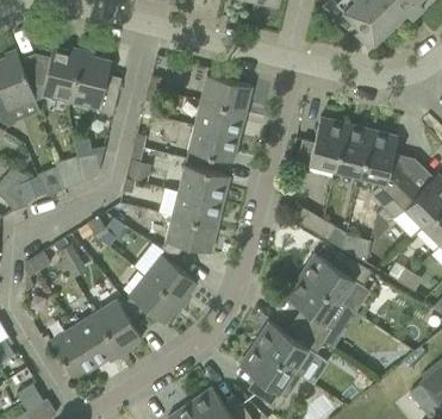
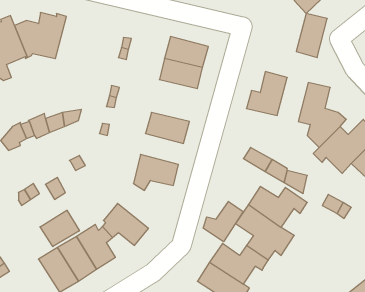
building: [70,51,117,115] -> none
building: [335,124,372,176] -> [296,14,327,58]
building: [188,126,239,163] -> none
building: [172,190,223,227] -> none
building: [144,254,198,304] -> none
building: none -> [203,201,243,242]
building: none -> [40,210,79,247]

